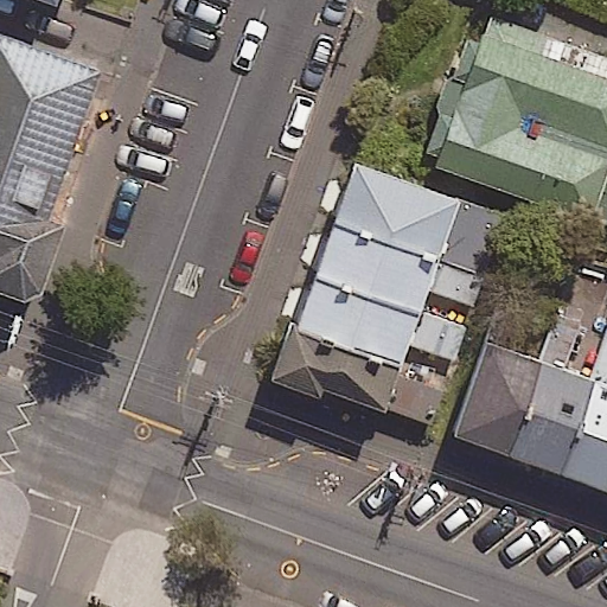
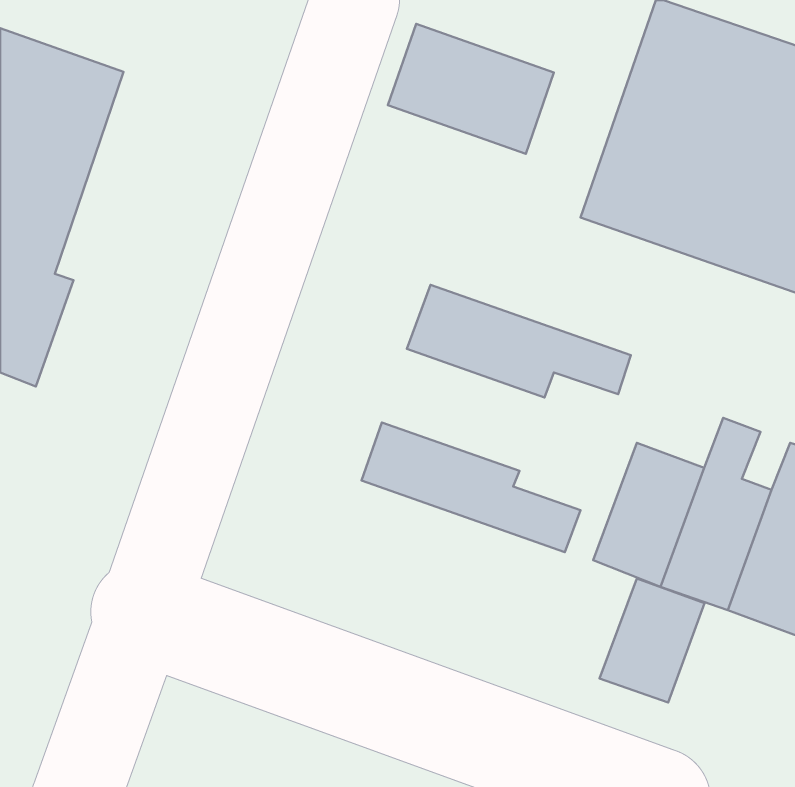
building: [330,164,455,262] -> [388,24,554,154]
building: [293,274,469,366] -> none
building: none -> [599,578,705,702]

